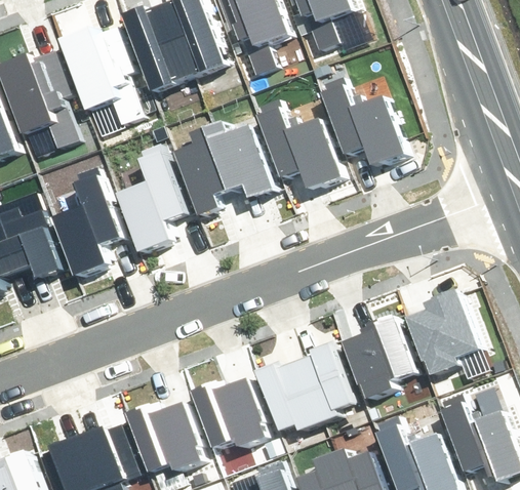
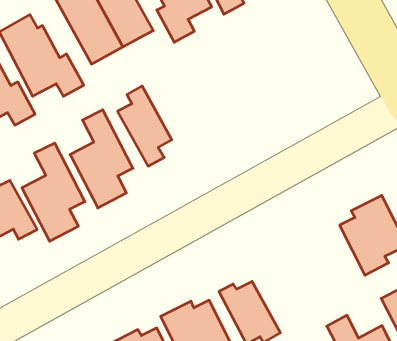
building: [315,75,400,168] -> none
building: [254,94,339,188] -> none
building: [206,117,272,196] -> none
building: [345,314,416,401] -> none
building: [298,343,354,424] -> none

